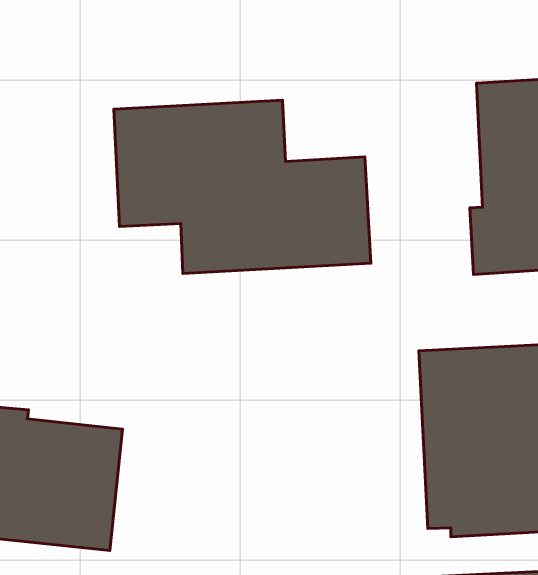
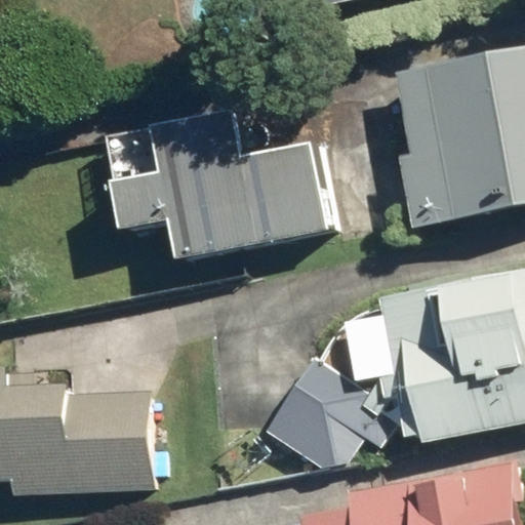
building: none -> [262,360,399,467]

